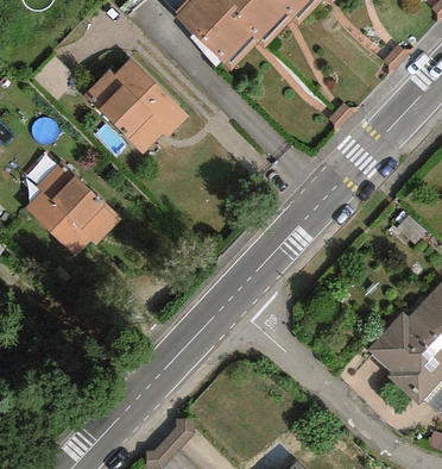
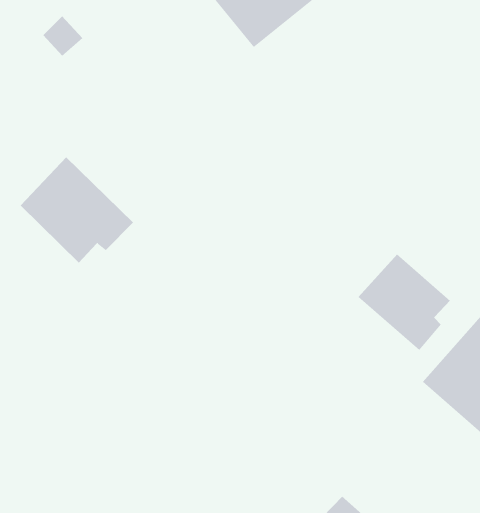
building: [81,51,185,155] -> none
building: none -> [358,253,451,351]

